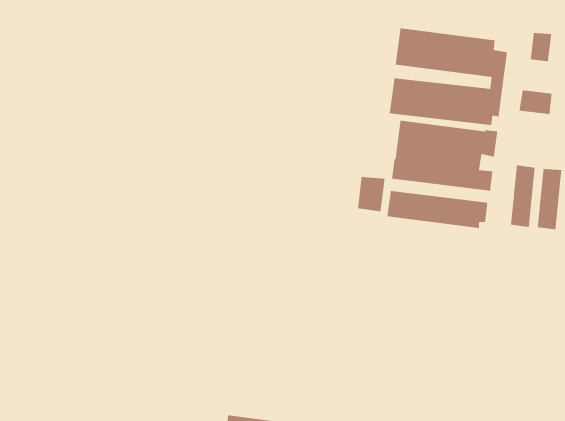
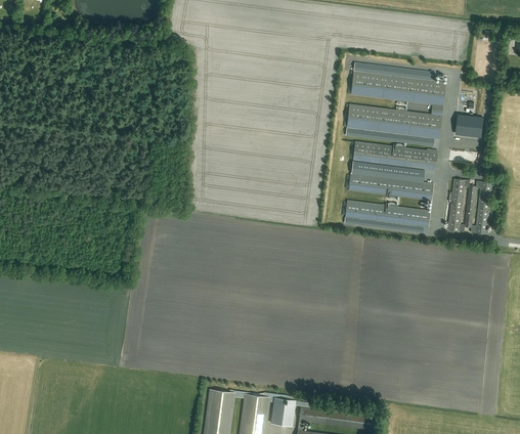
building: [530,32,552,62] -> none
building: [357,176,385,212] -> none

